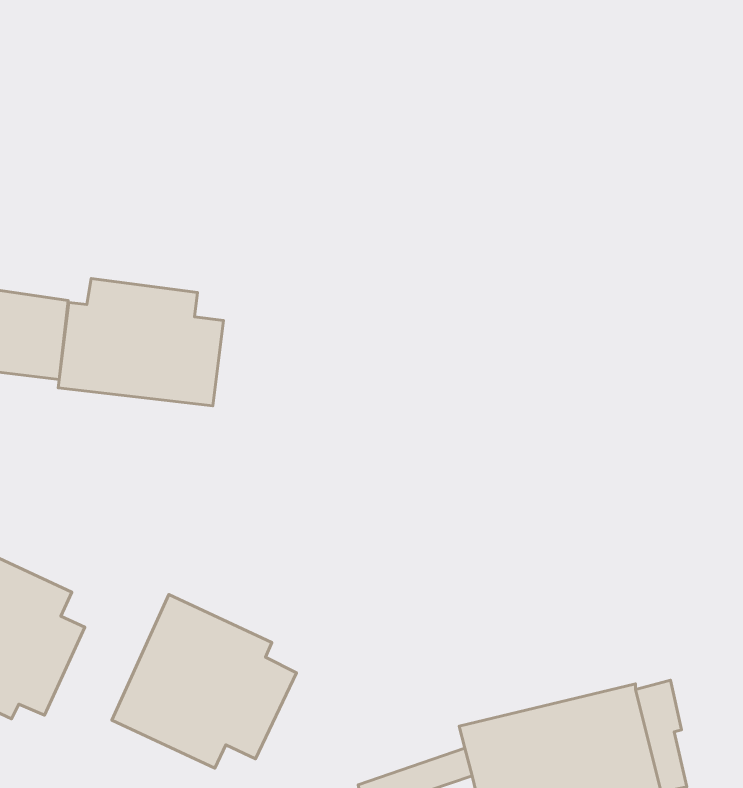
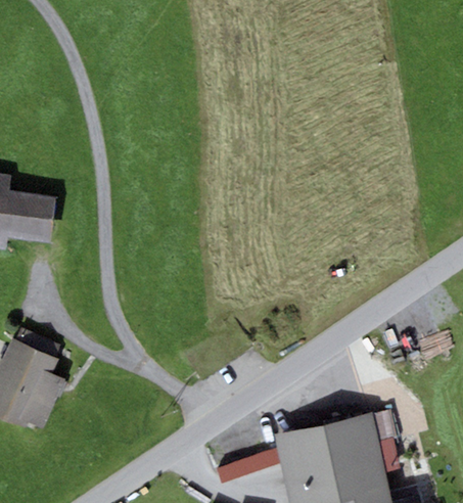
building: [58,278,223,406] -> none
building: [112,594,297,768] -> none

